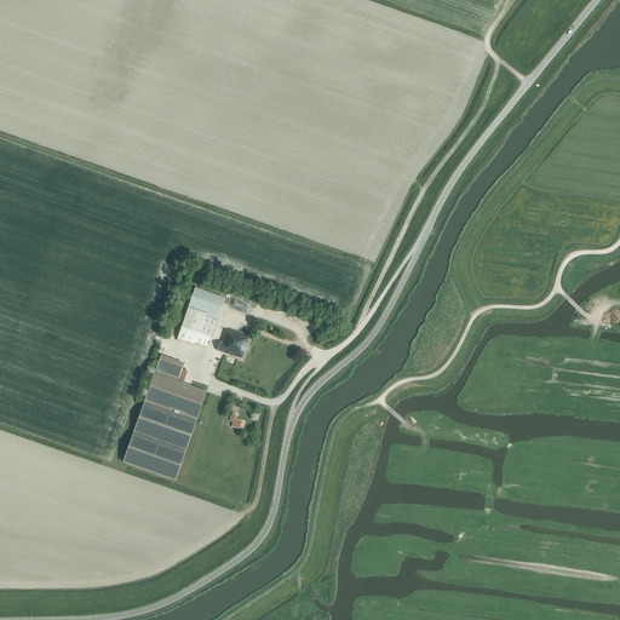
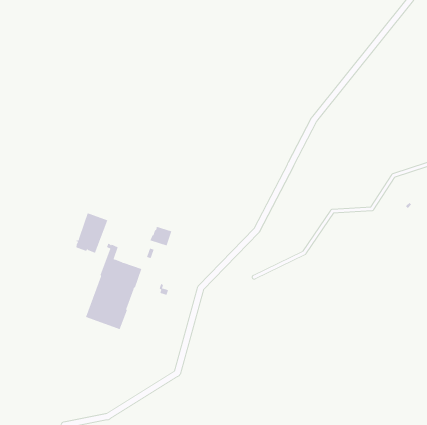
building: [178,286,225,345] -> [75,212,108,253]

